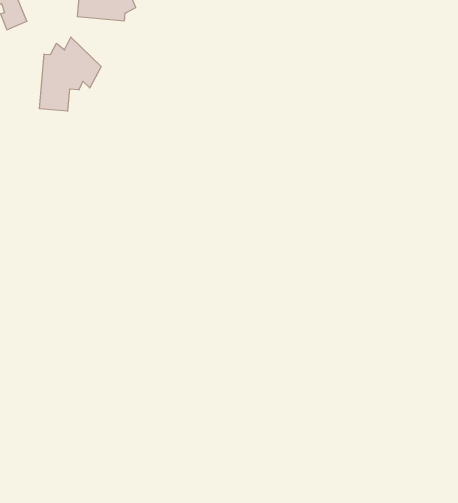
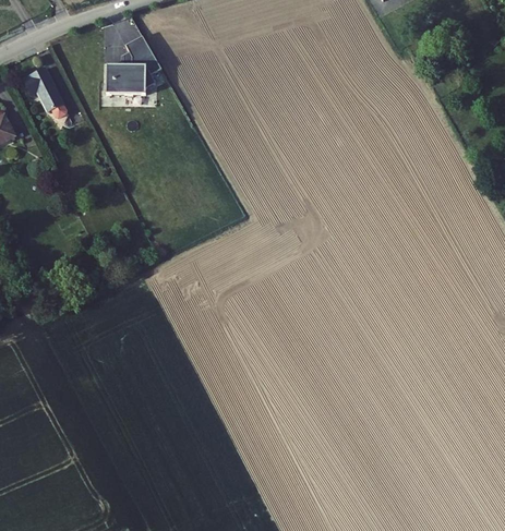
building: [39,37,101,111] -> none

